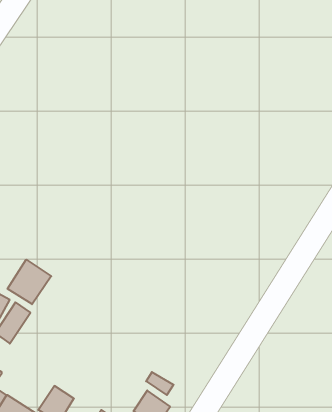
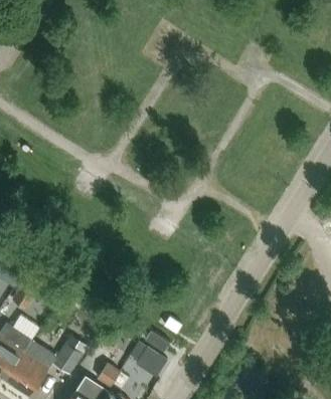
building: [8,260,51,304] -> none

